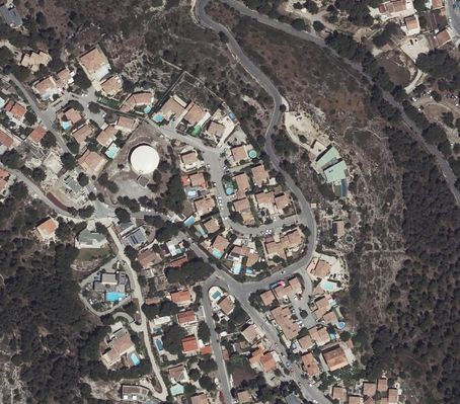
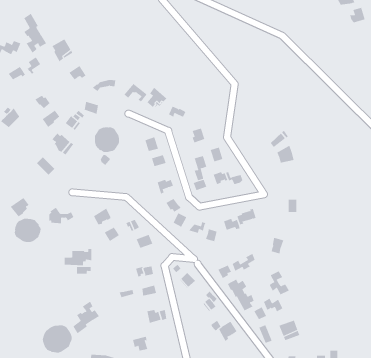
building: none -> [23,13,47,53]
building: none -> [14,218,41,243]
building: none -> [42,324,72,353]

